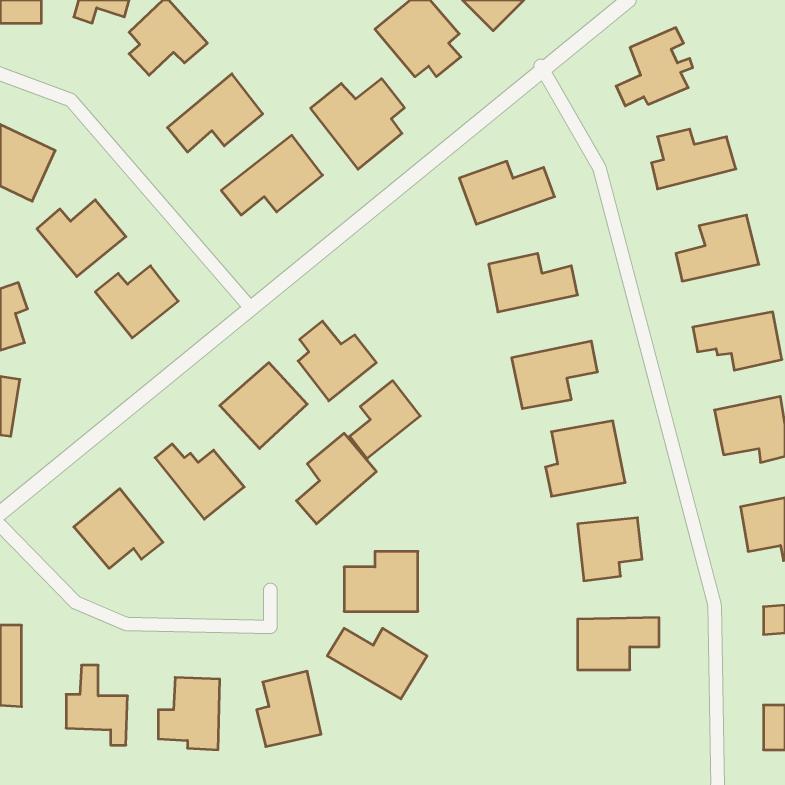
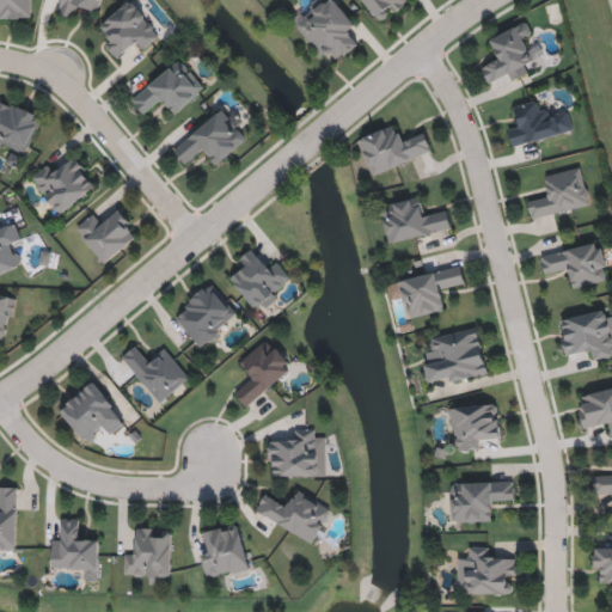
building: [311,79,404,169] -> none
building: [350,381,420,459] -> none
building: none -> [457,546,515,593]

